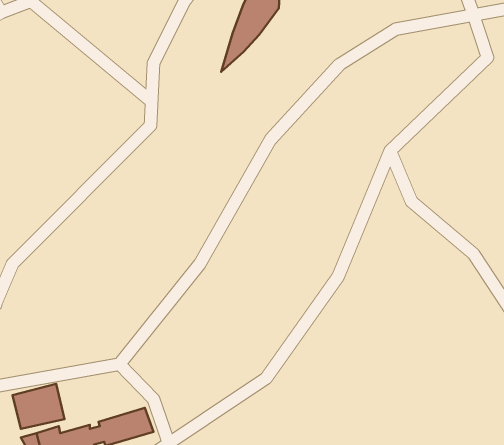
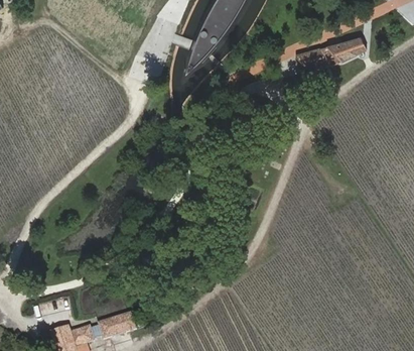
building: none -> [295,38,367,71]

